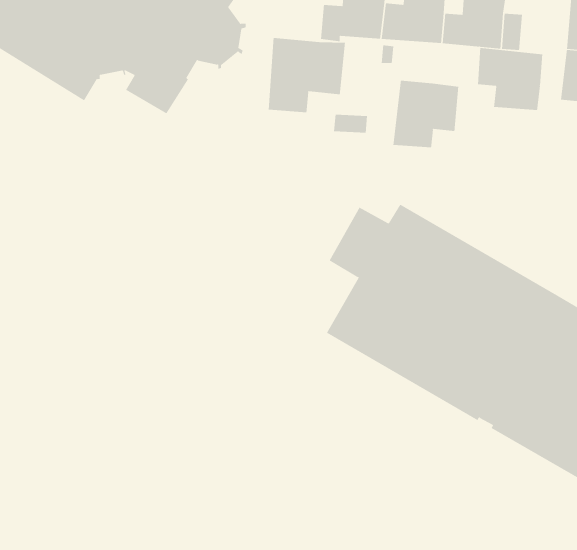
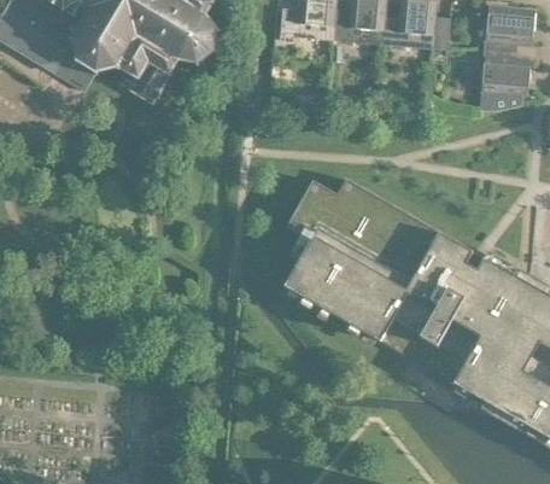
building: [268,37,346,113] -> none
building: [478,47,543,111] -> none
building: [393,80,459,148] -> none

